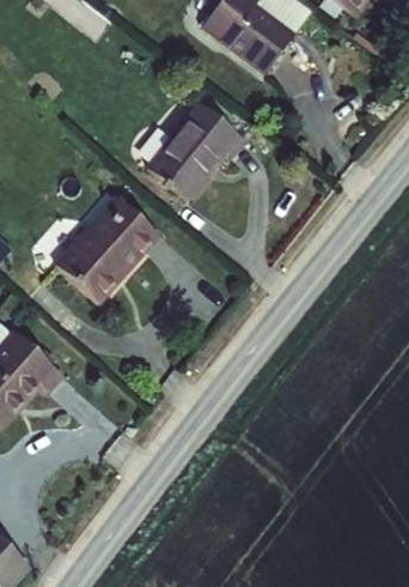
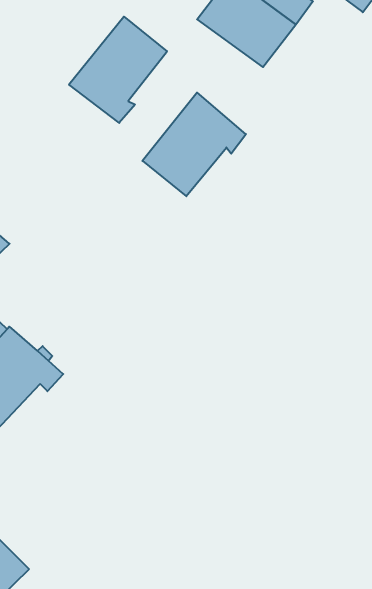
building: none -> [69,17,167,123]
building: [55,194,161,302] -> none

